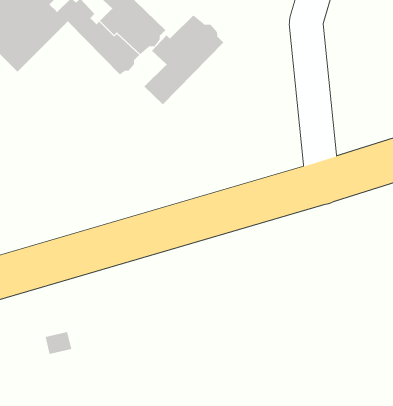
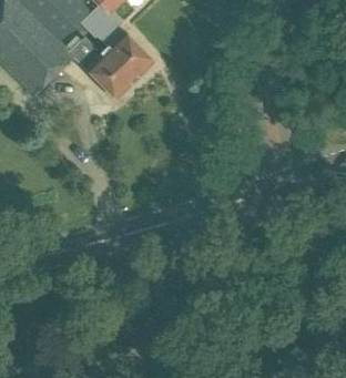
building: [144,14,224,105] -> none

